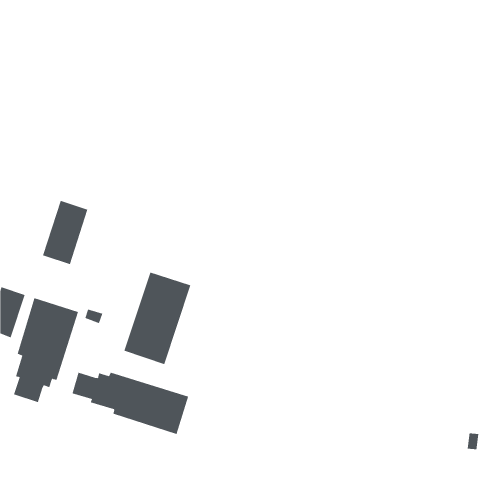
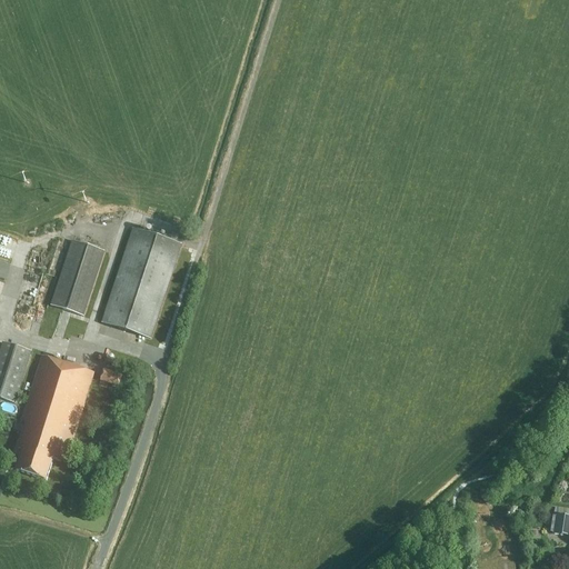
building: [123,272,191,365] -> [101,227,181,337]
building: [72,372,189,435] -> none

